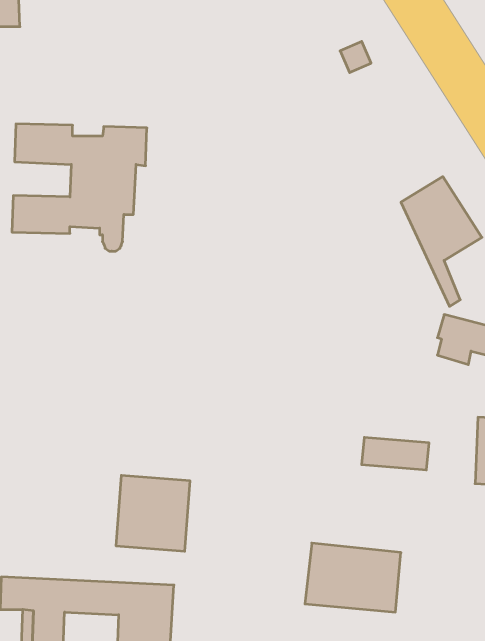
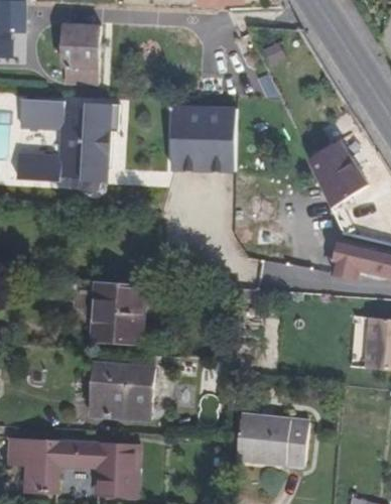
building: none -> [61,23,100,84]
building: none -> [170,106,235,168]
building: none -> [92,280,145,342]
building: [362,437,429,470] -> [258,261,308,285]

